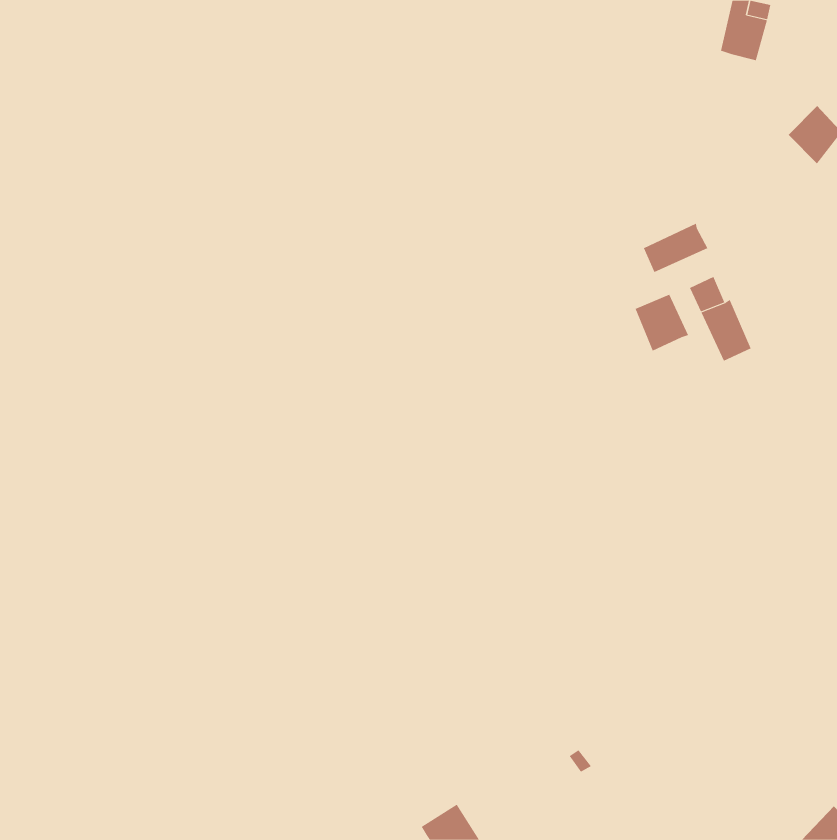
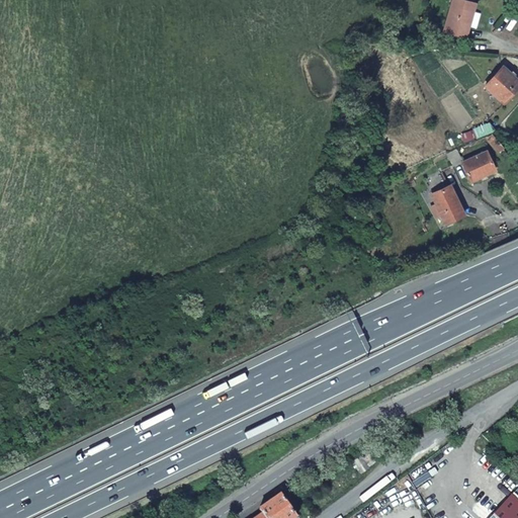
building: [643,223,708,273] -> none
building: none -> [461,151,493,179]
building: [635,294,689,352] -> none

